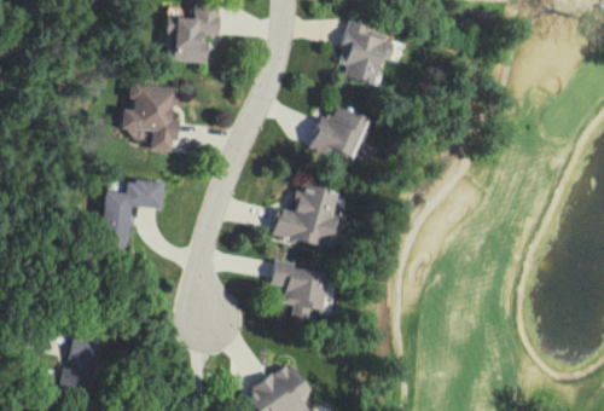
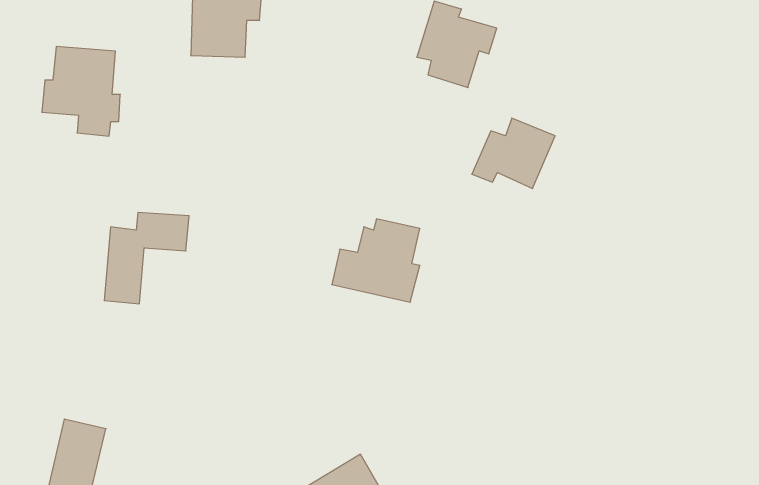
building: [121,83,180,151] -> [42,46,120,136]
building: [308,105,371,158] -> [472,118,555,189]
building: [272,260,331,322] -> none

